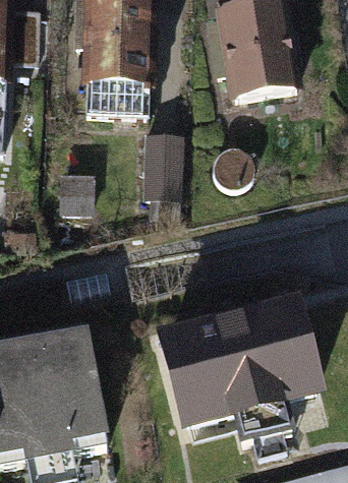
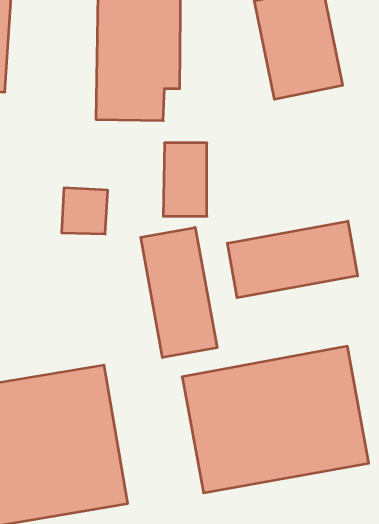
building: none -> [227,221,358,298]
building: none -> [141,227,217,358]

